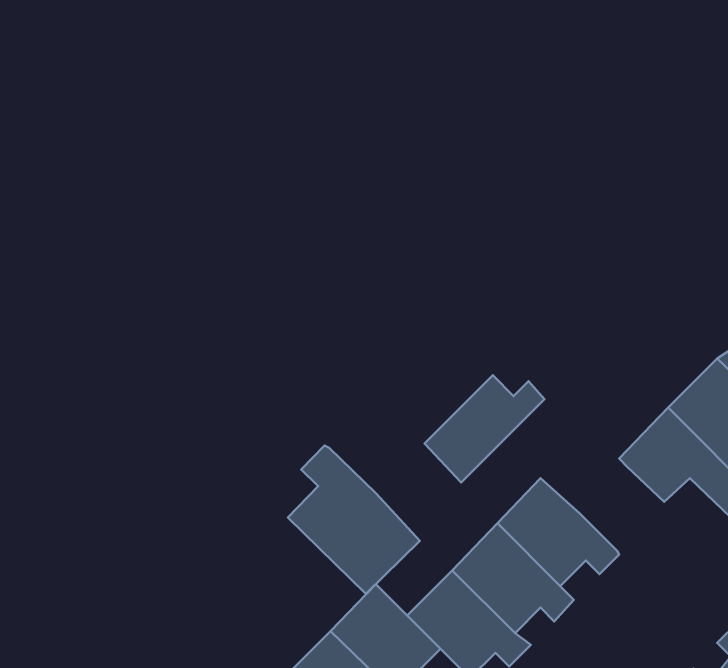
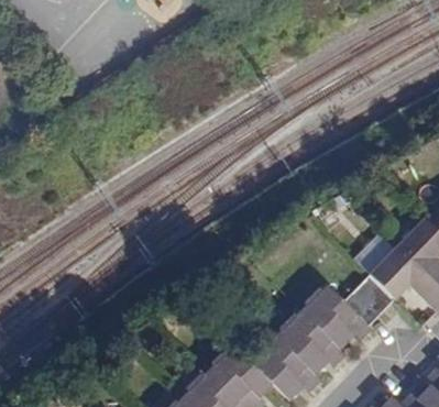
building: [424,375,544,482] -> none
building: [288,446,420,594] -> none
building: none -> [347,279,394,327]

